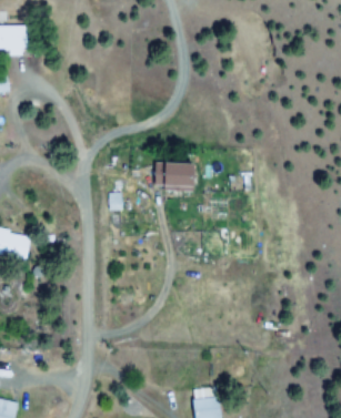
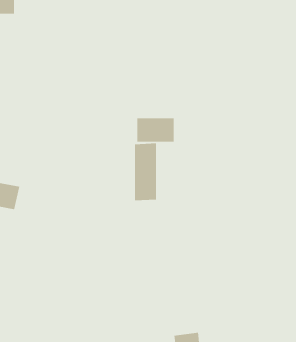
building: none -> [134,143,157,201]

